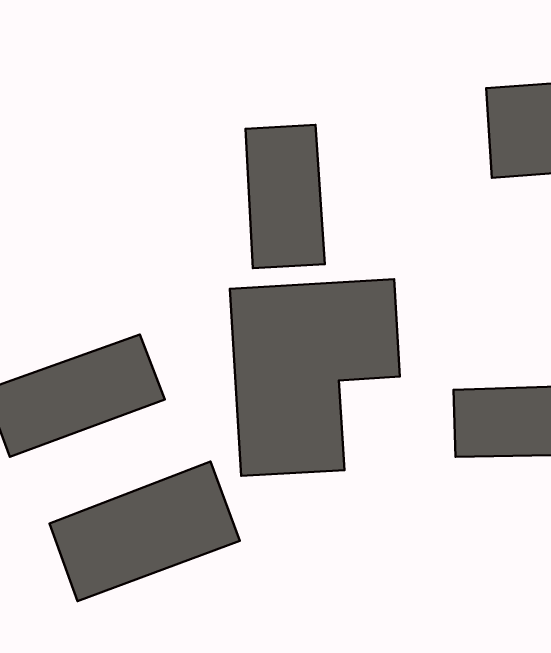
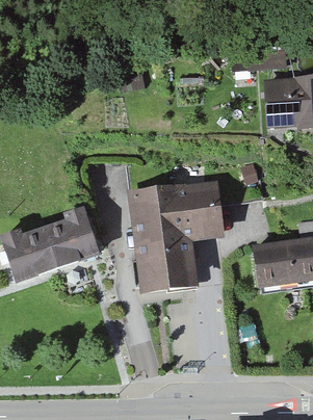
building: [245,125,325,268] -> none
building: [50,462,240,601] -> none

